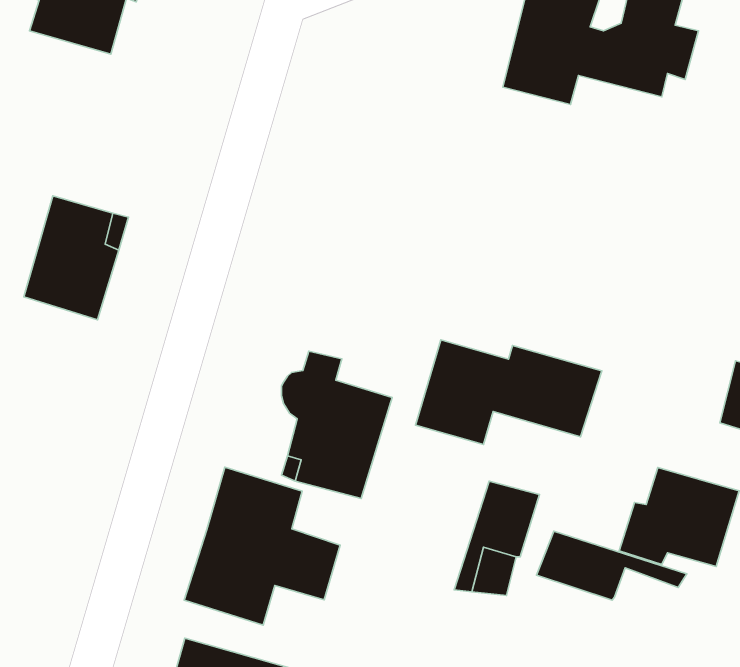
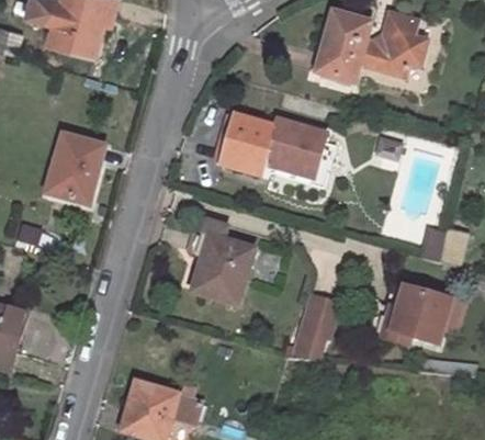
building: [416,340,602,444] -> [222,115,327,174]
building: [184,467,340,625] -> none
building: [537,531,687,600] -> none

